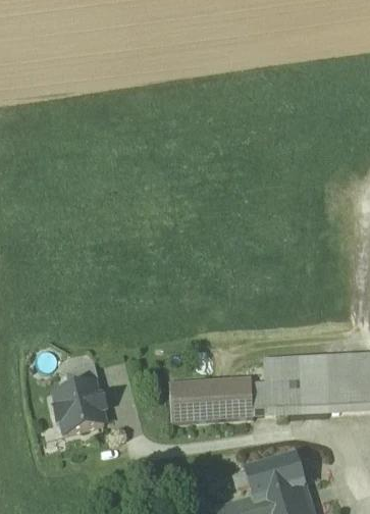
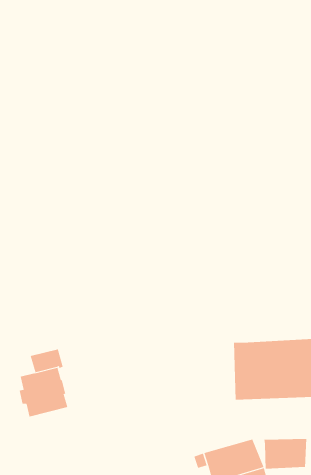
building: [169,376,276,421] -> none
building: none -> [264,438,307,470]

